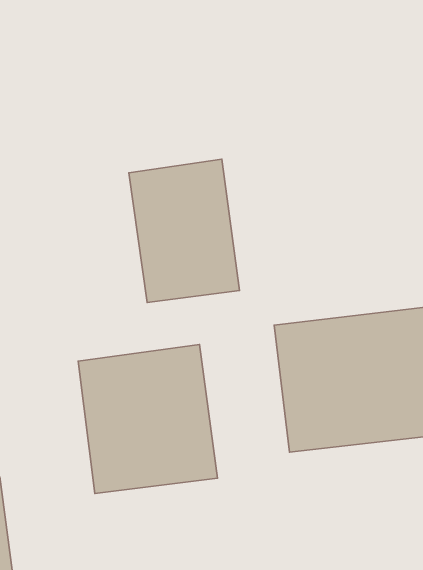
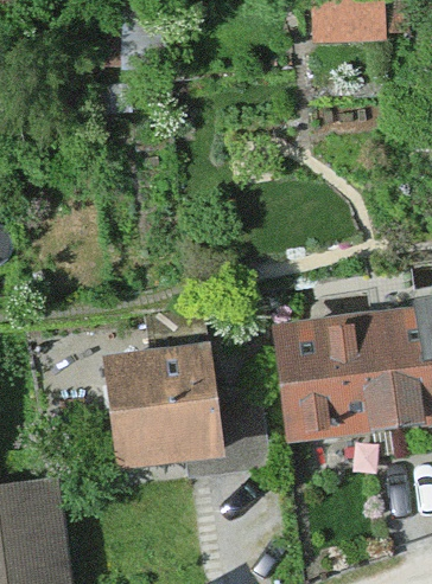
building: [129,159,239,303] -> none

